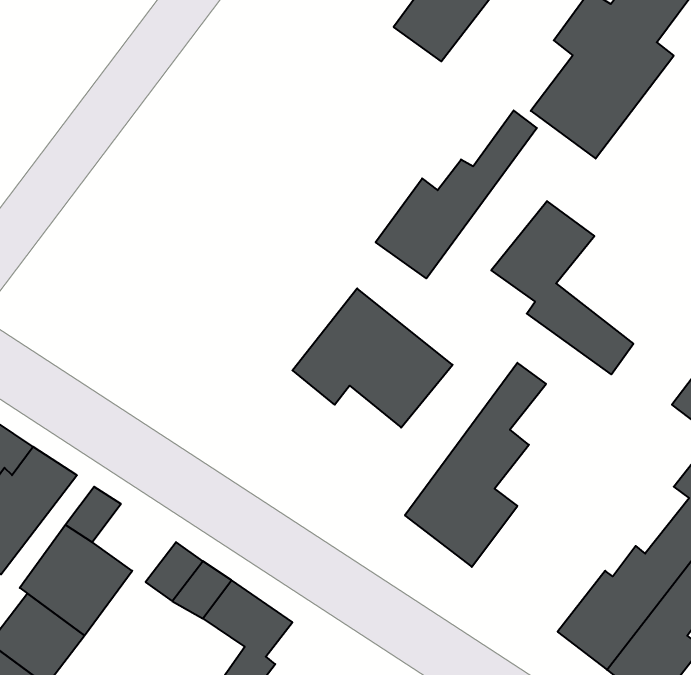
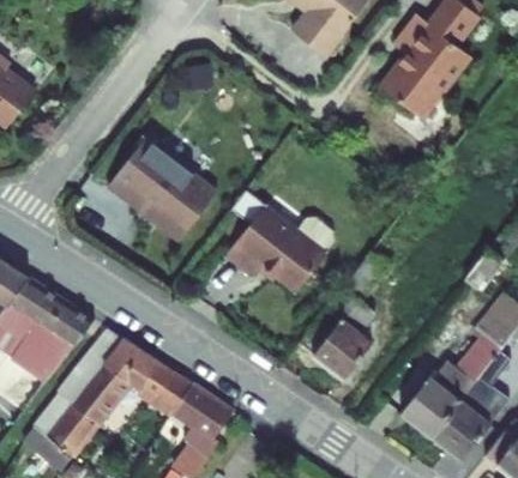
building: [376,110,537,278] -> none
building: none -> [113,138,223,243]
building: [491,201,633,374] -> none
building: none -> [103,338,156,387]

